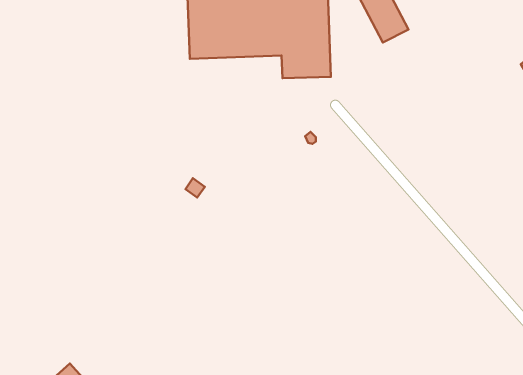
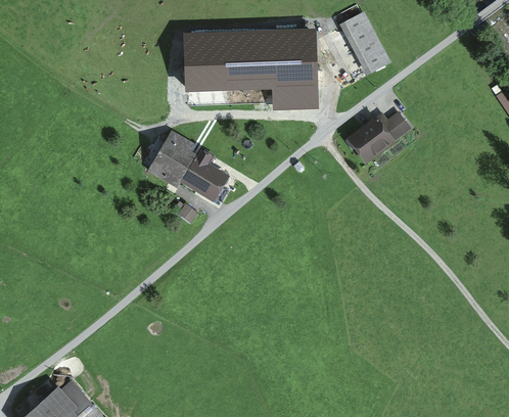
building: none -> [350,114,406,159]
building: none -> [149,133,225,197]

